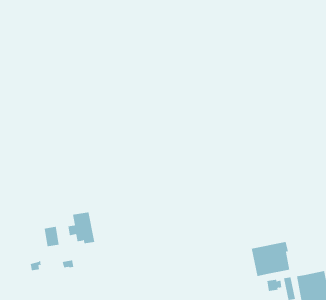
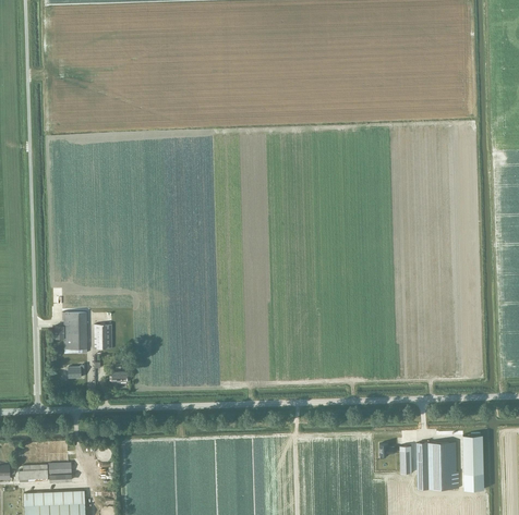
building: [68,212,95,244] -> [55,312,87,354]
building: [251,241,290,277] -> none

